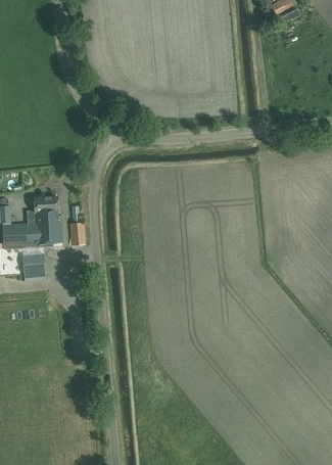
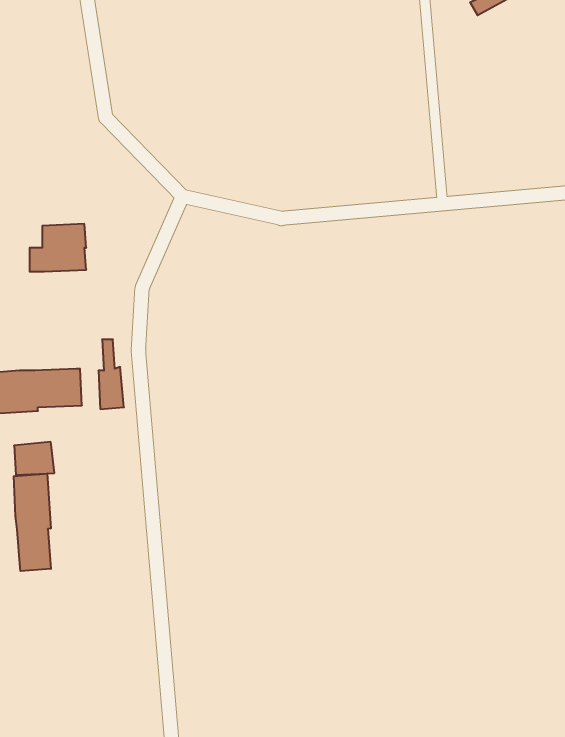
building: [27,196,58,223] -> [30,224,86,272]
building: none -> [14,473,51,571]

